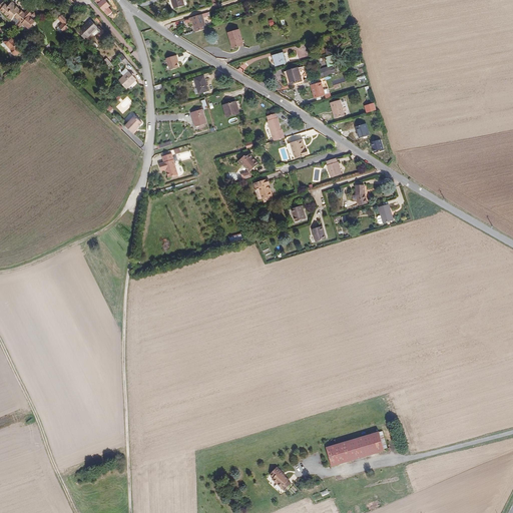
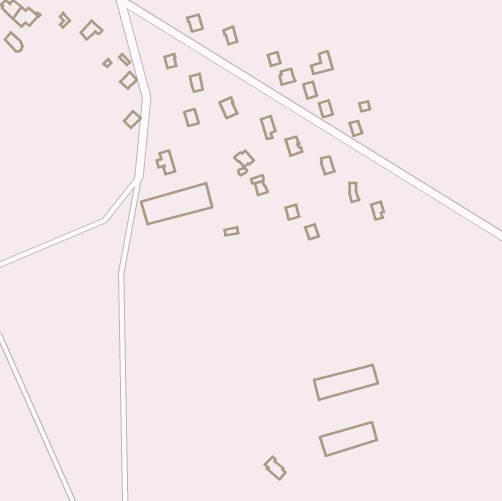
building: none -> [141,183,212,224]
building: none -> [314,365,378,400]

